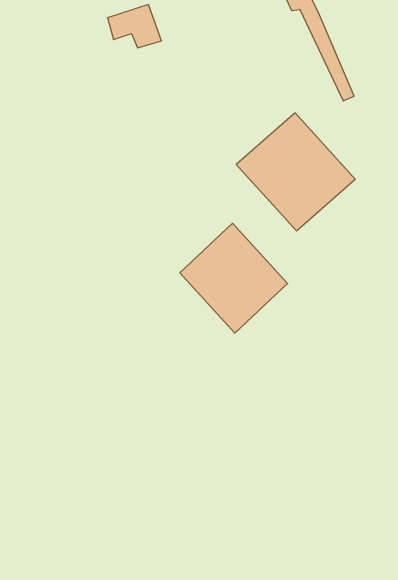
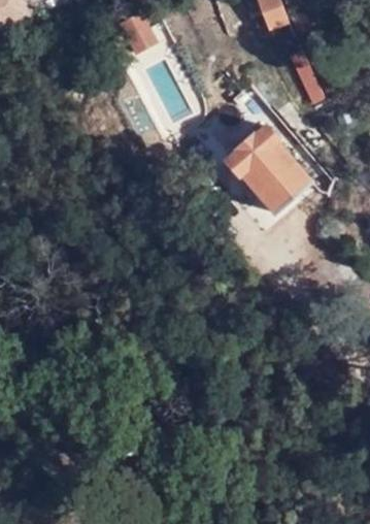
building: [180,223,288,333] -> none

